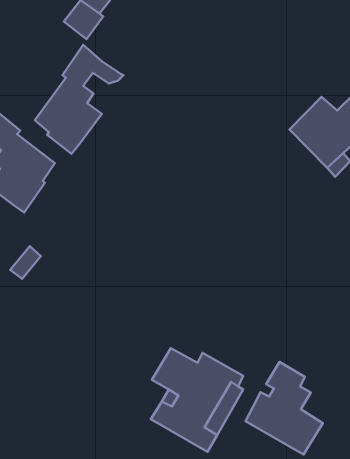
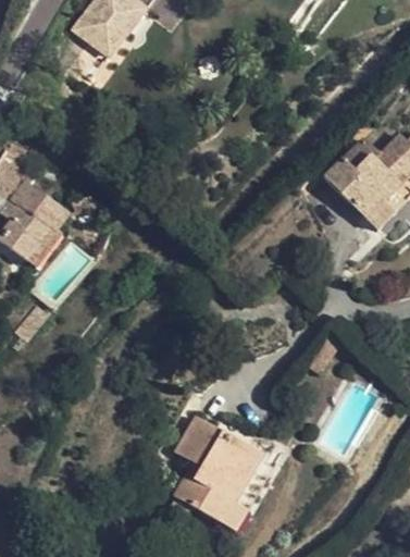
building: [35,45,123,154] -> none
building: [245,362,323,455] -> none

